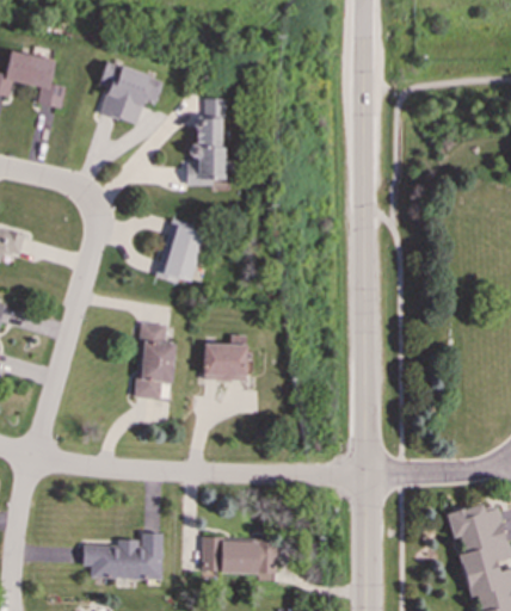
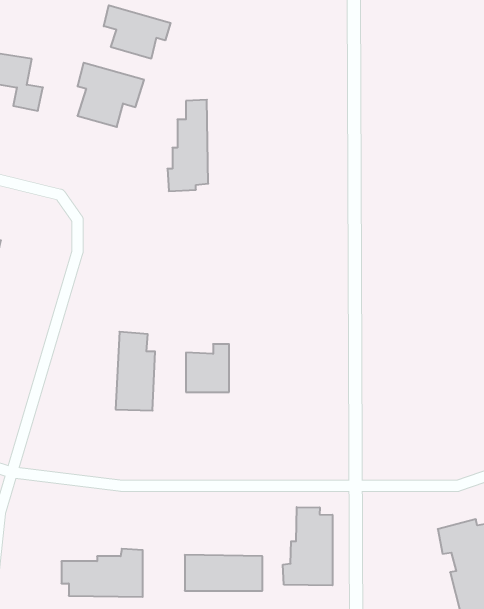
building: none -> [104,5,171,59]
building: [158,220,205,284] -> none
building: none -> [283,507,332,585]

